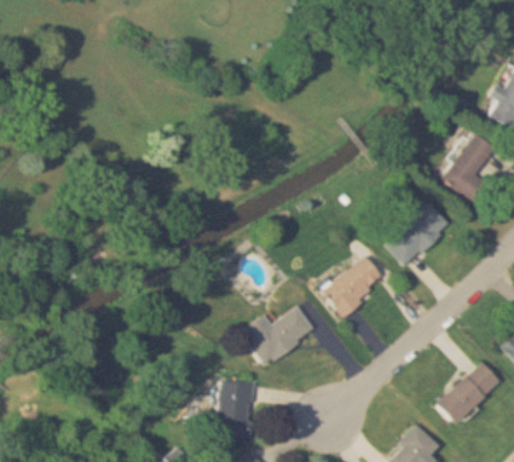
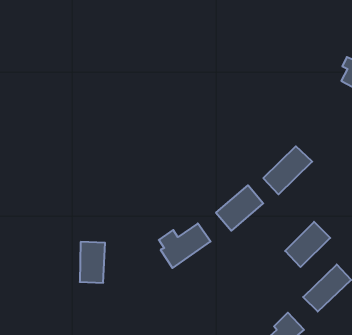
building: [440,133,495,203] -> none
building: none -> [285,222,330,267]
building: [216,381,250,435] -> [80,242,105,283]

